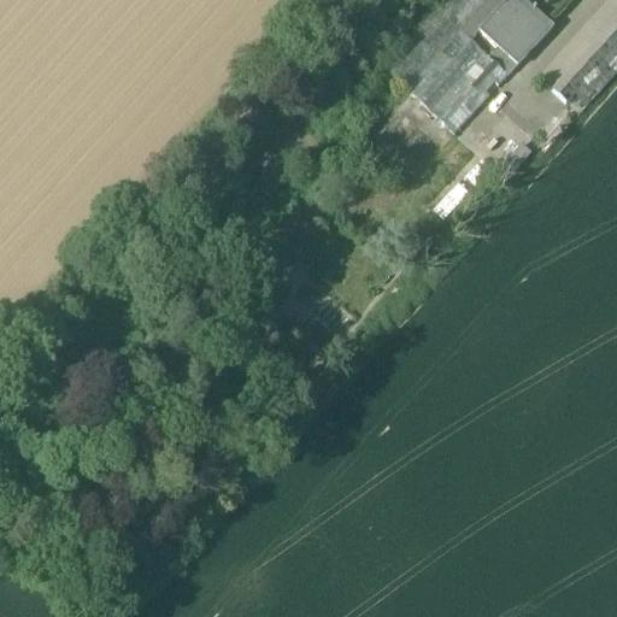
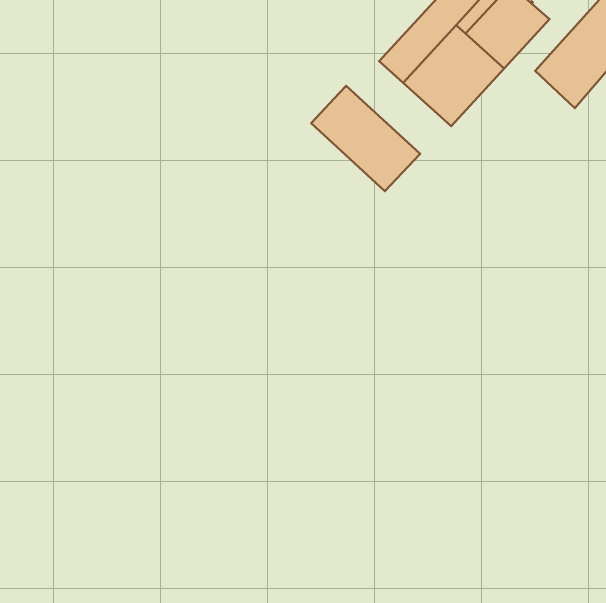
building: none -> [311,86,420,191]

